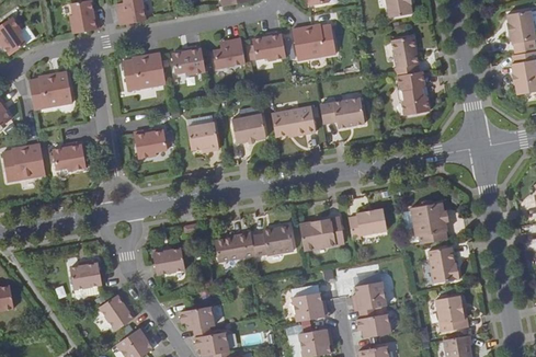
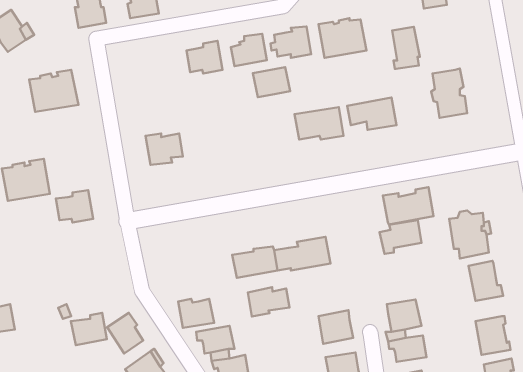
building: [394,36,419,74] -> [392,27,420,69]
building: [123,53,166,90] -> none
building: [232,113,266,140] -> [253,67,290,97]
building: [187,120,218,150] -> none
building: [53,141,87,171] -> [56,190,93,223]
building: [299,216,345,250] -> [383,187,433,225]
building: [153,247,186,274] -> [178,299,214,328]
building: [69,258,102,288] -> [71,313,107,345]
building: none -> [248,287,289,316]

